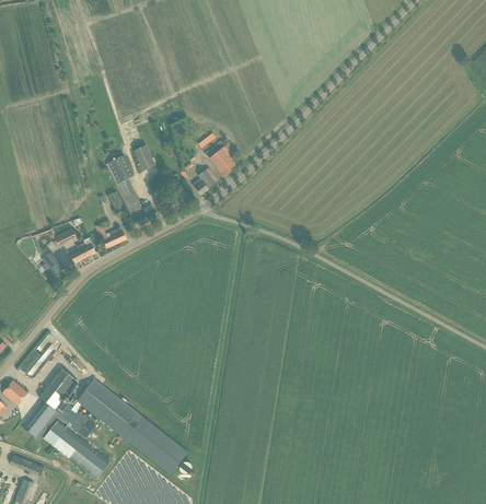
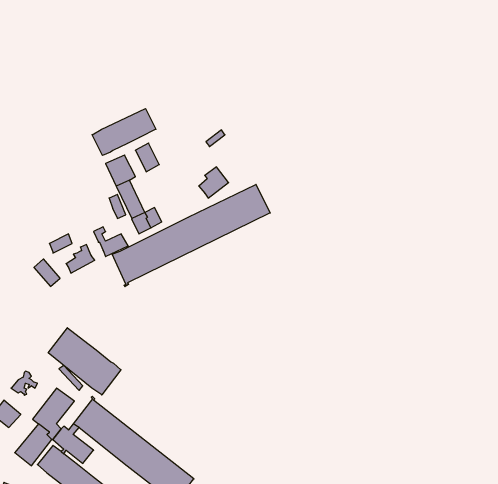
building: none -> [92,109,156,155]
building: [208,144,240,176] -> none
building: none -> [112,184,270,287]
building: none -> [48,328,121,395]

